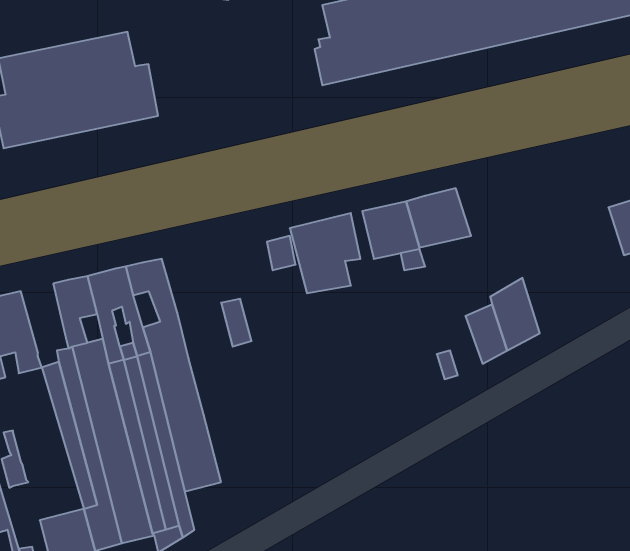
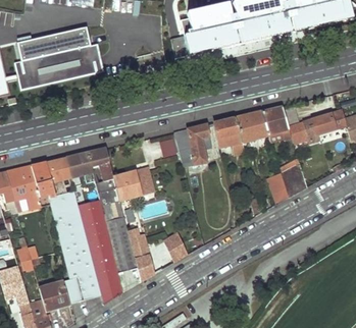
building: none -> [261,106,291,139]
building: none -> [303,111,345,143]
building: none -> [29,161,53,200]
building: none -> [112,171,142,201]
building: none -> [126,228,153,281]
building: none -> [160,232,187,262]

